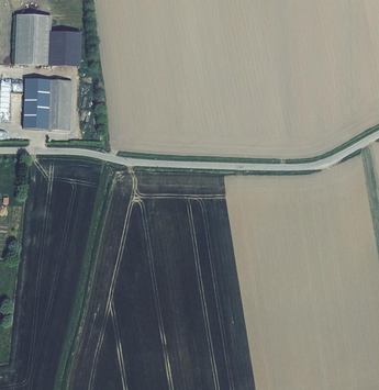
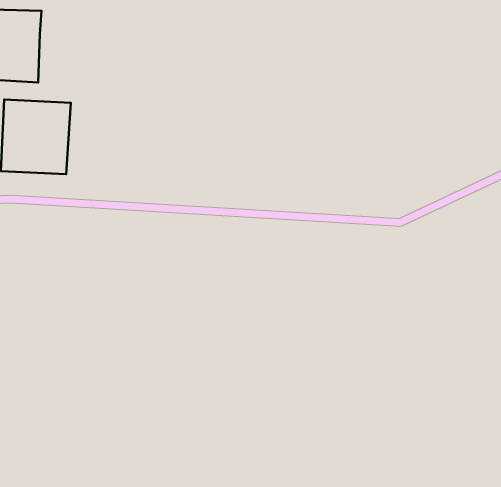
building: [48,32,80,67] -> none

